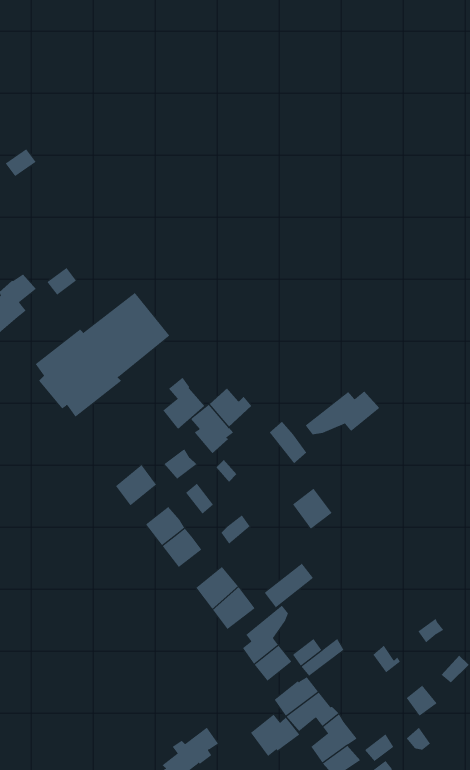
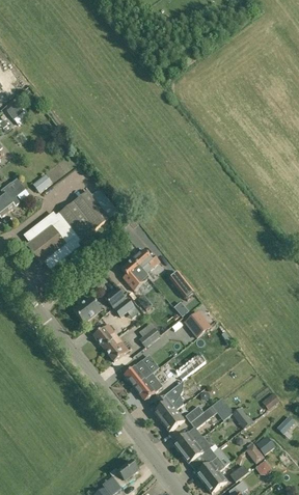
building: [163,377,205,430] -> none
building: [305,391,380,435] -> none
building: [250,714,300,757] -> none

